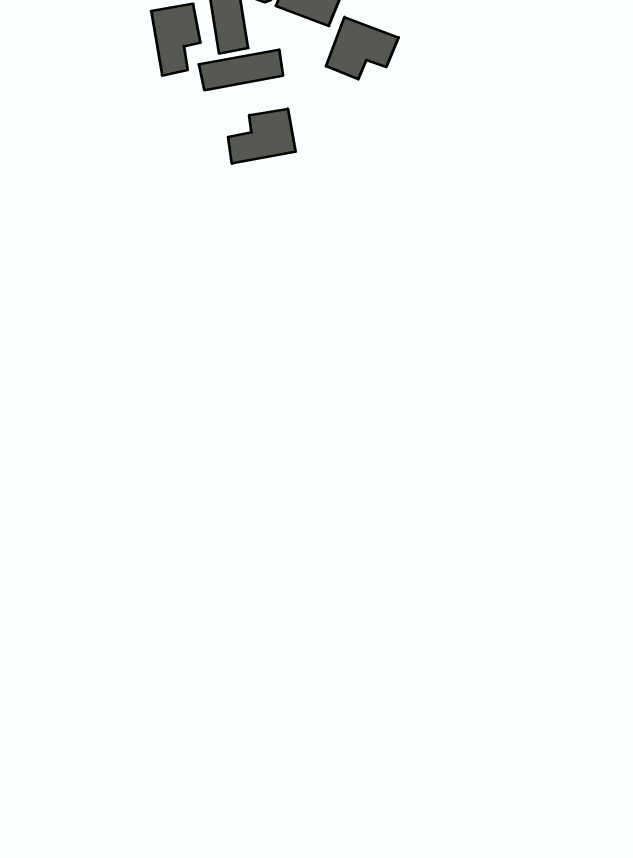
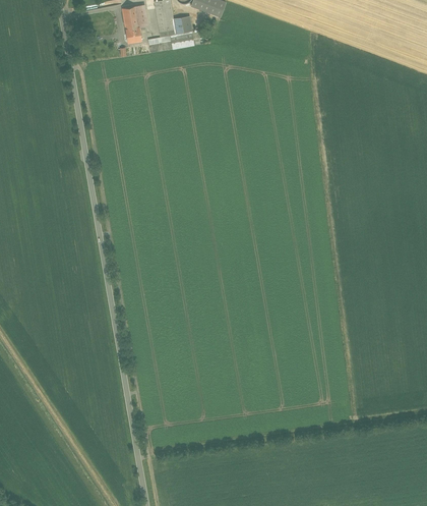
building: [326,17,399,79] -> none
building: [228,109,296,164] -> none

